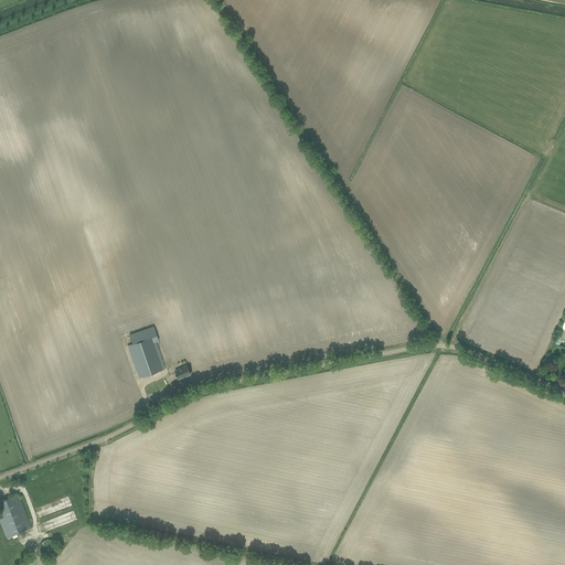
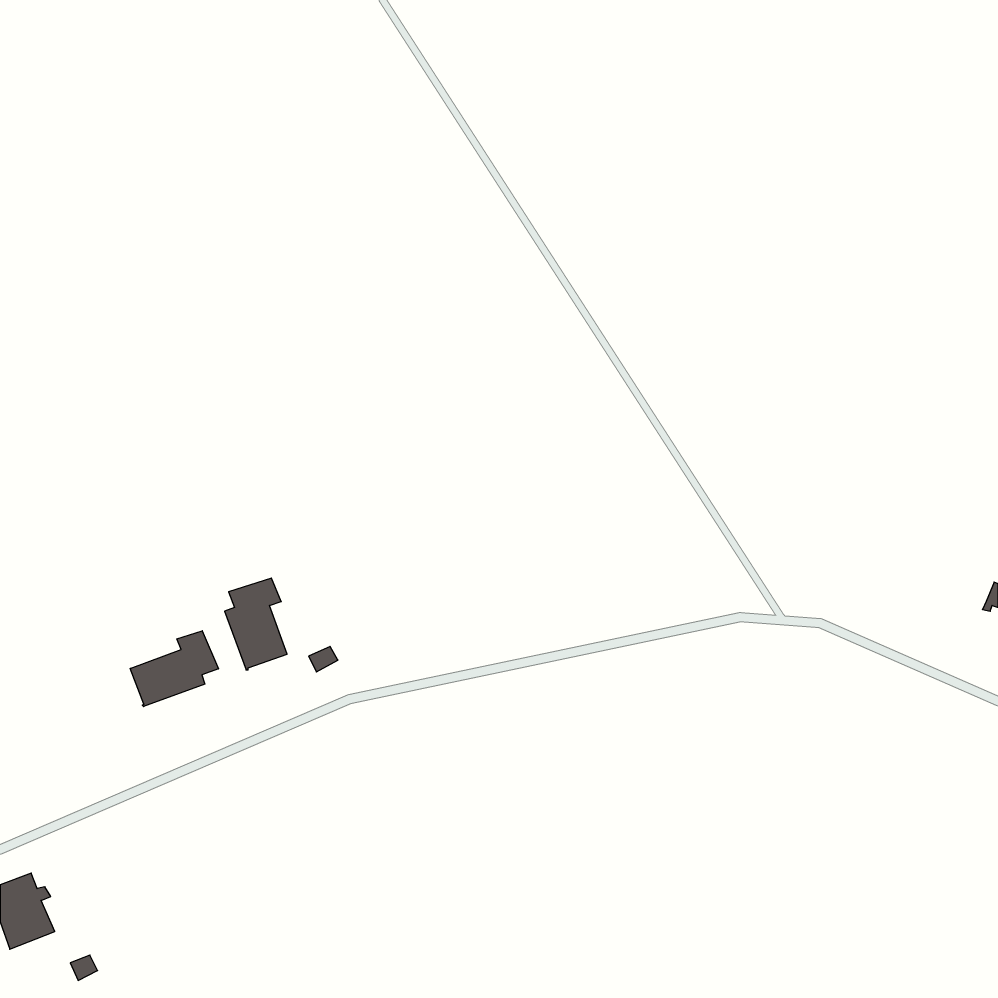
building: none -> [130,631,218,707]

